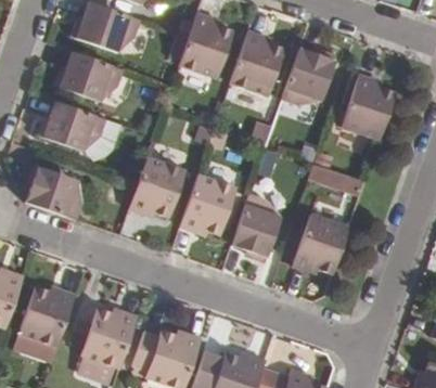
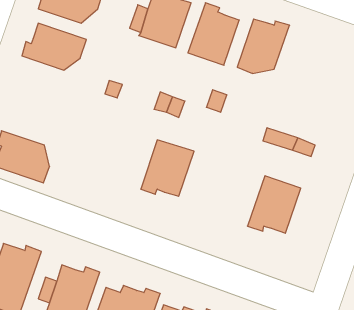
building: [341,73,396,139] -> none
building: [37,101,104,151] -> none
building: [128,157,184,217] -> none
building: [231,193,281,261] -> none

